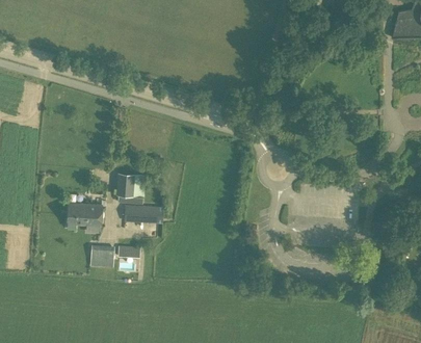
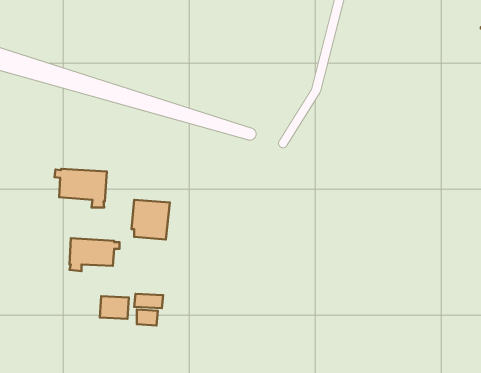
building: none -> [55,169,107,208]
building: [123,205,162,223] -> none

